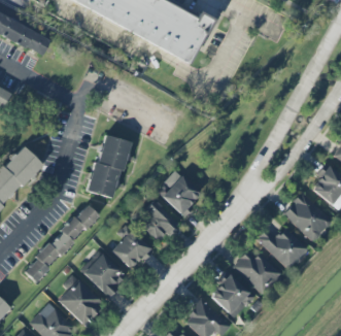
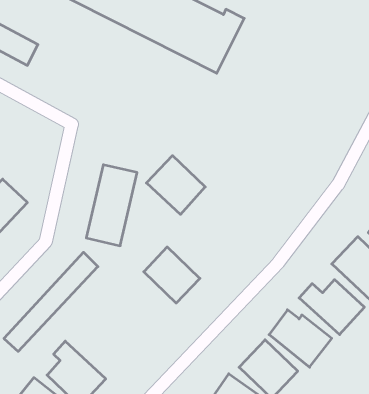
building: [156,170,202,216] -> [146,156,205,214]
building: [111,225,151,270] -> none
building: [81,251,128,297] -> none

